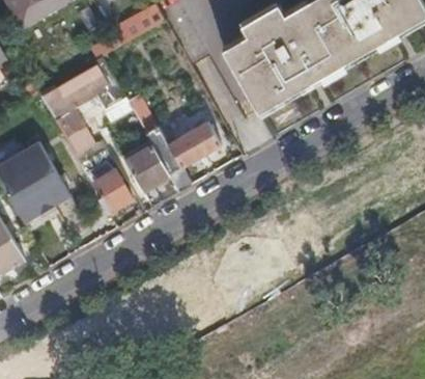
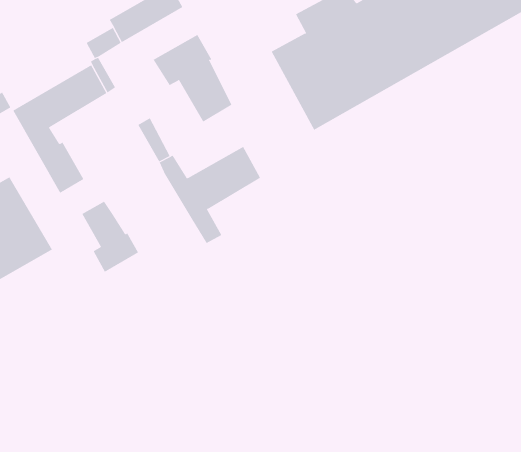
building: none -> [153,34,232,122]
building: [124,142,170,190] -> none

